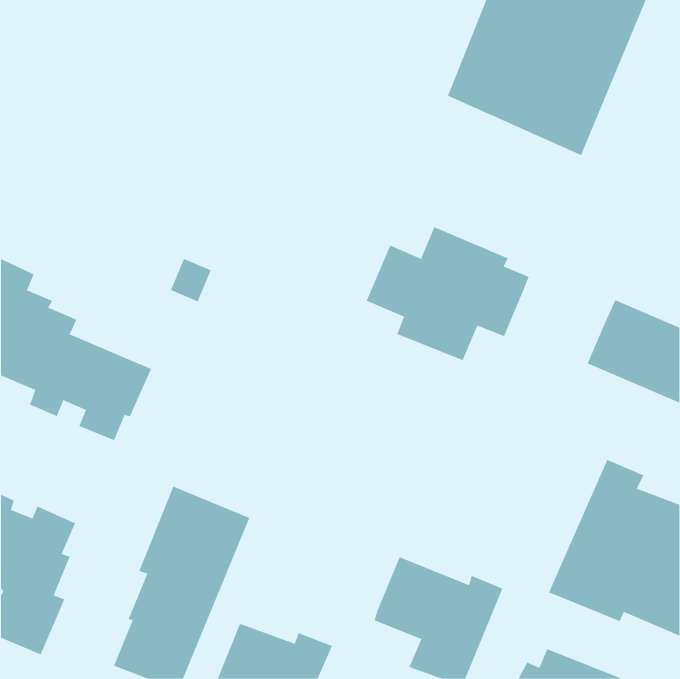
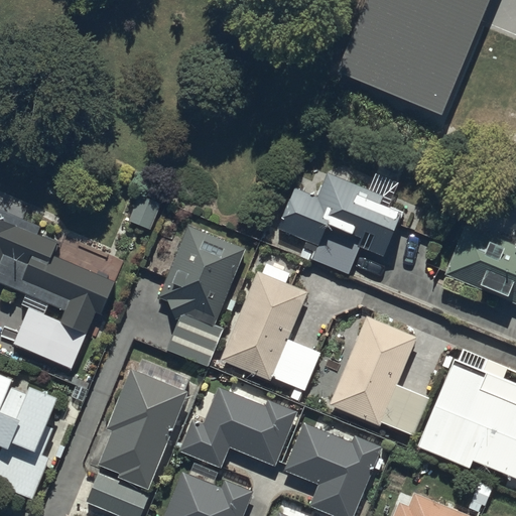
building: none -> [157,223,245,367]
building: none -> [220,260,320,402]
building: none -> [12,308,87,370]
building: none -> [329,314,428,435]
building: none -> [177,382,296,467]

